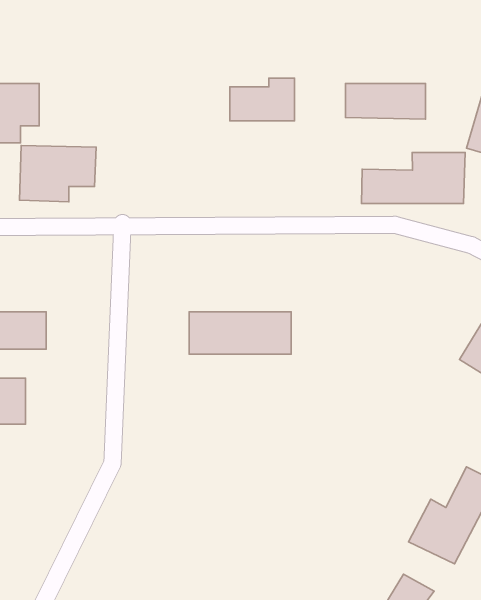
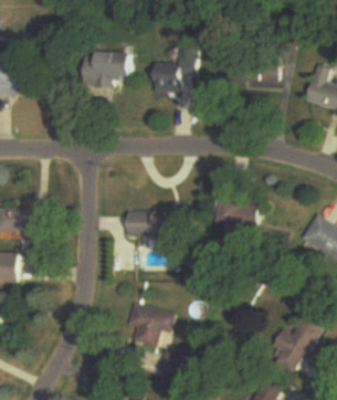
building: [19,145,96,202] -> [81,52,130,88]
building: [361,153,465,203] -> none
building: none -> [214,198,260,233]
building: none -> [126,302,175,348]

